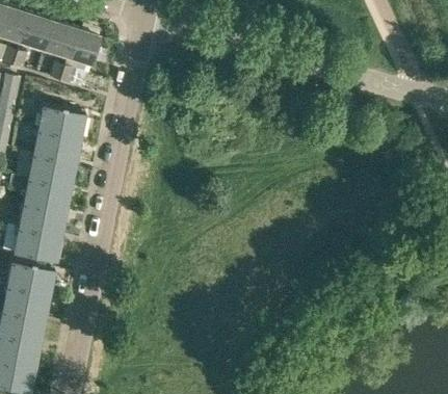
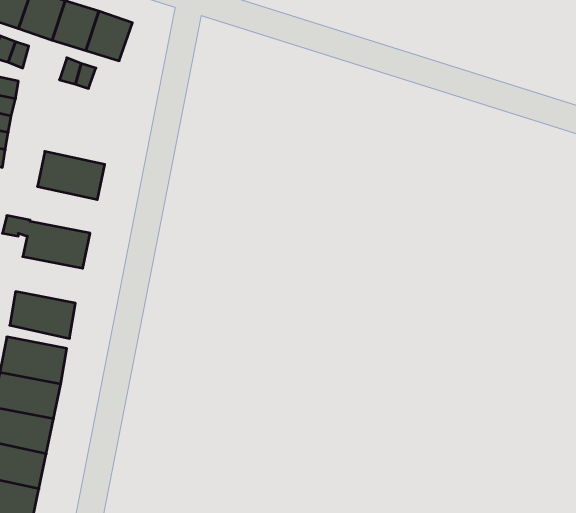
building: [38,106,86,139] -> none
building: [28,155,76,188] -> none
building: [18,205,65,238] -> none

